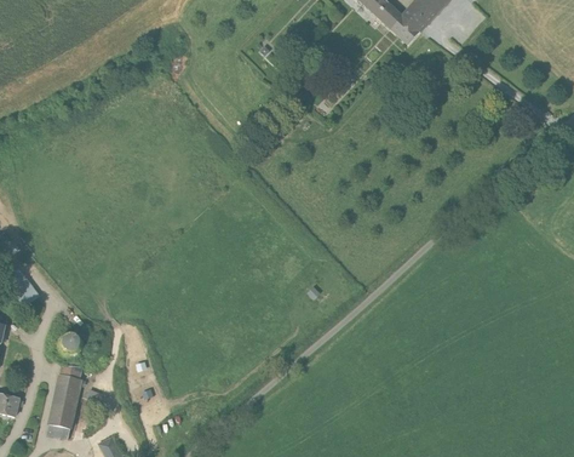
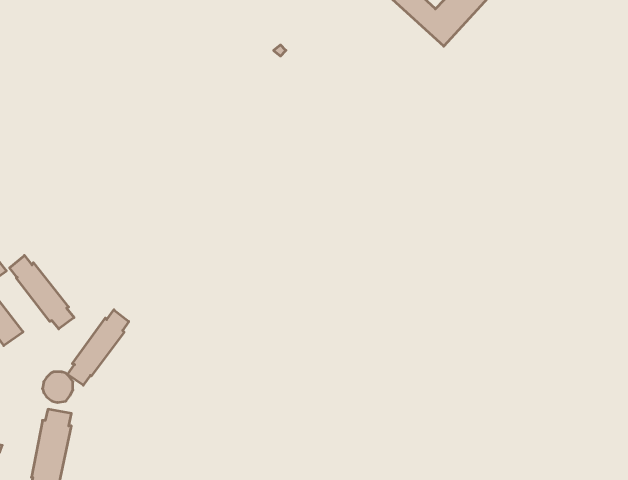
building: none -> [10,255,74,329]
building: none -> [67,310,129,385]

